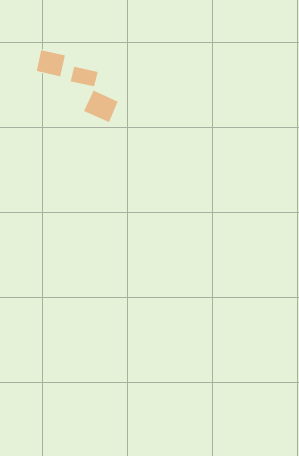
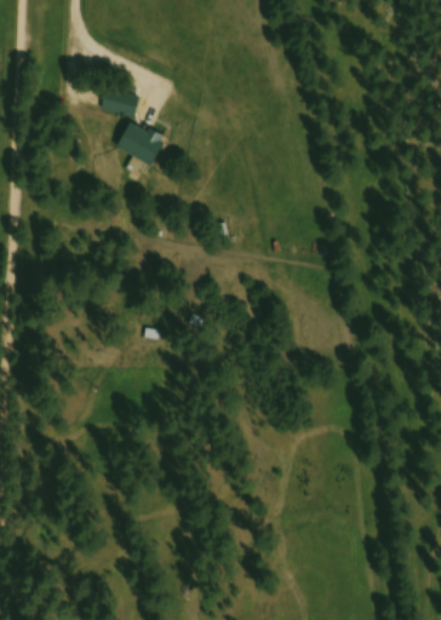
building: [36,50,66,77] -> none

